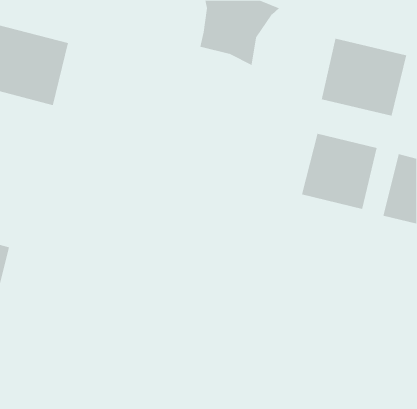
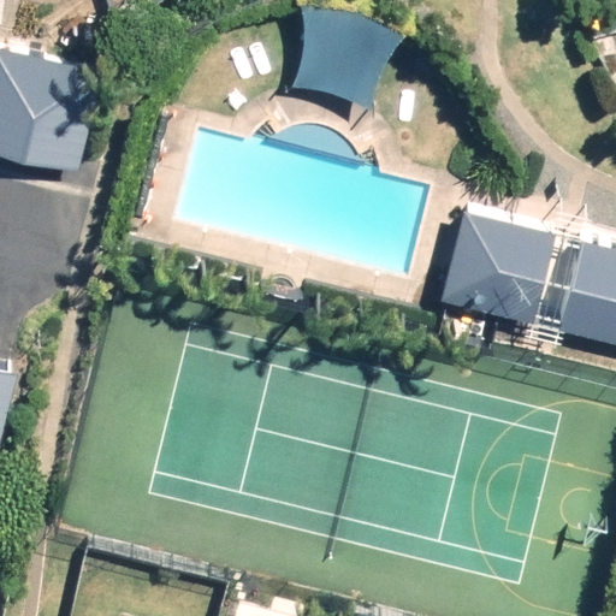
building: [321,38,407,117] -> none

